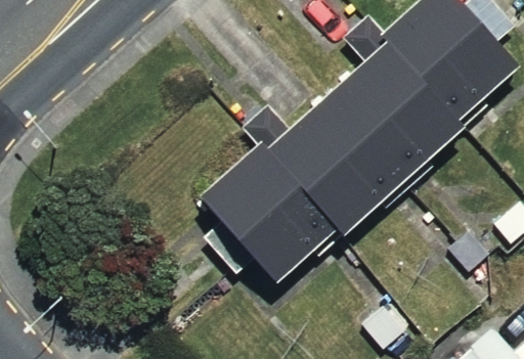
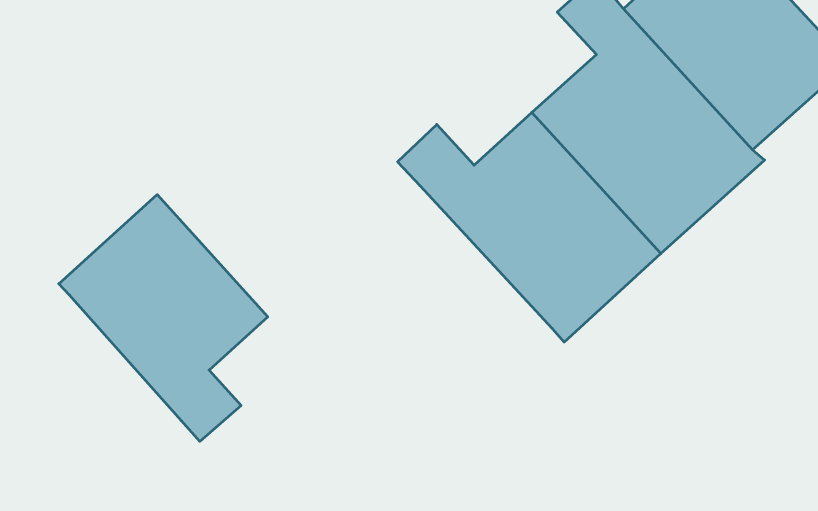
building: [202,141,343,283] -> none
building: none -> [59,195,268,441]

